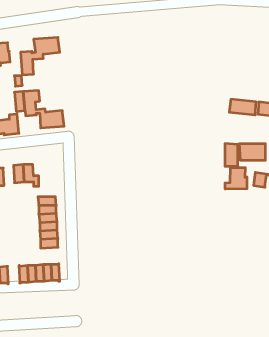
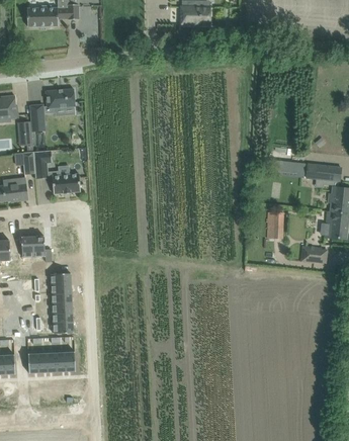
building: [239,144,265,160] -> none
building: [225,167,247,189] -> none

